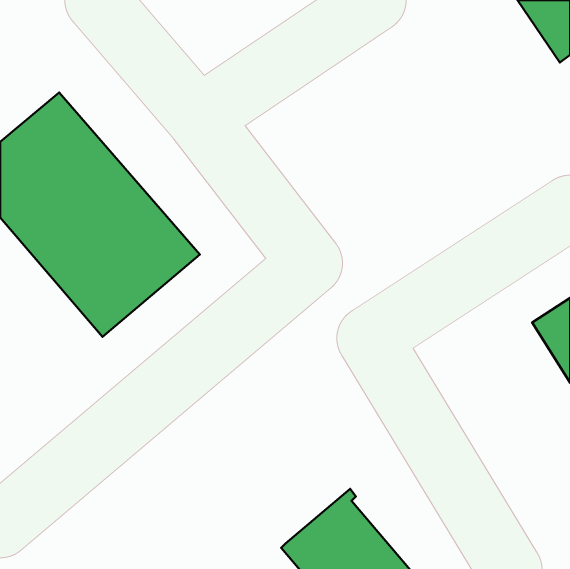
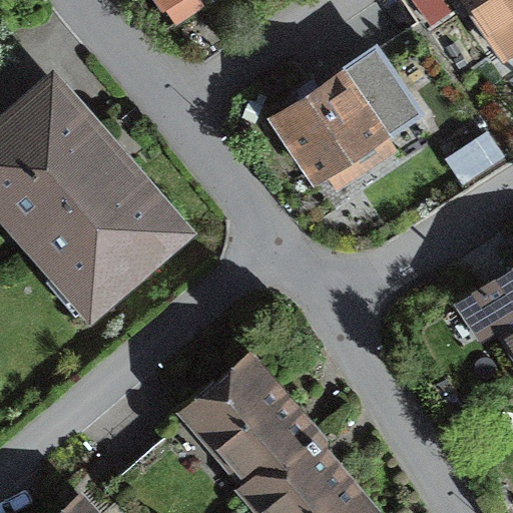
building: none -> [275,50,417,179]
building: none -> [192,364,315,489]

